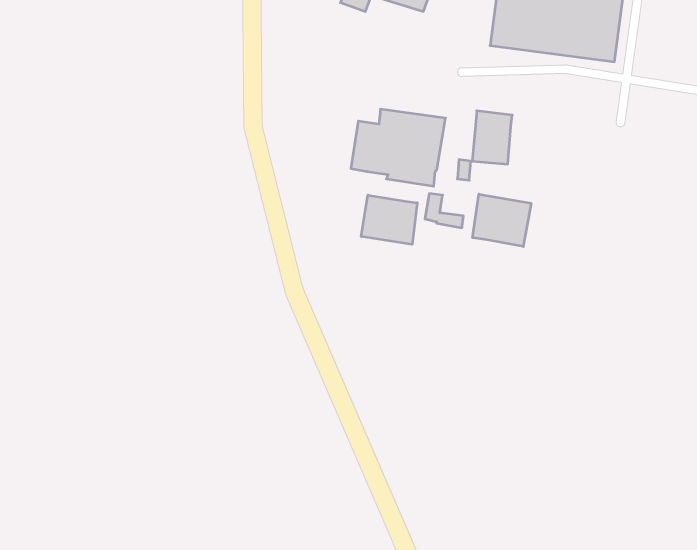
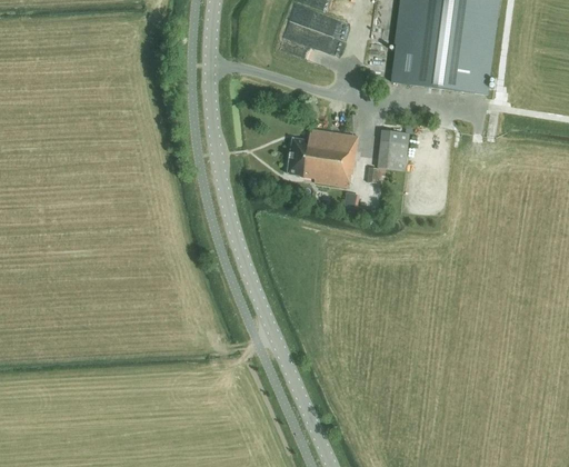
building: [473,194,531,247] -> none
building: [361,195,417,244] -> none

